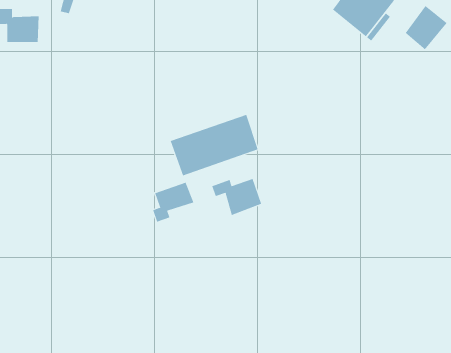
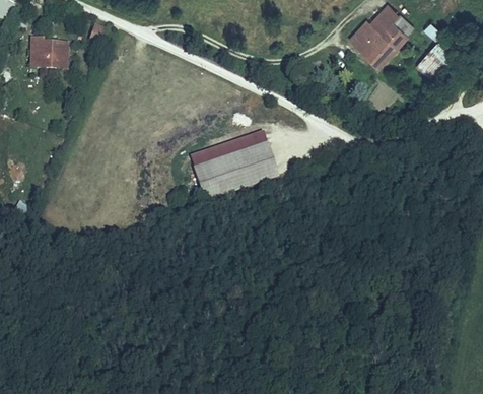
building: [211,178,262,216] -> none
building: [152,182,194,223] -> none

